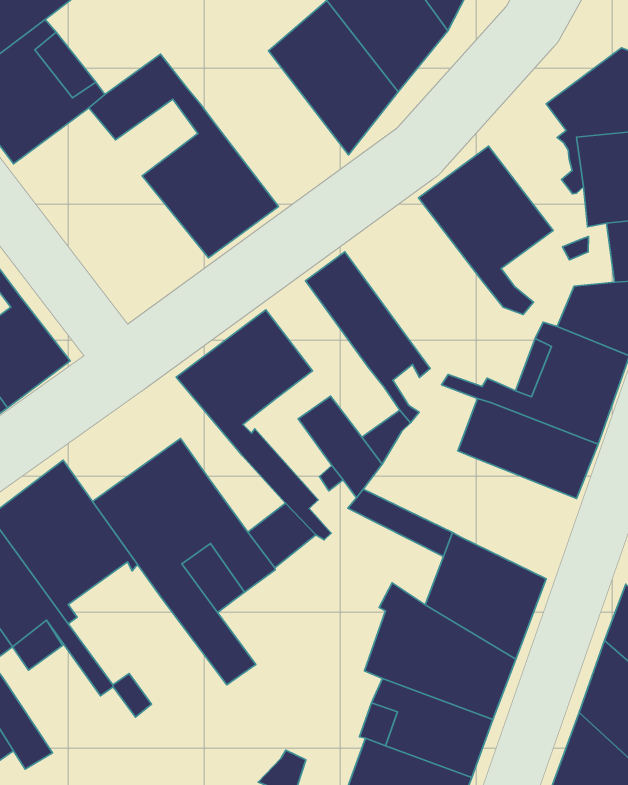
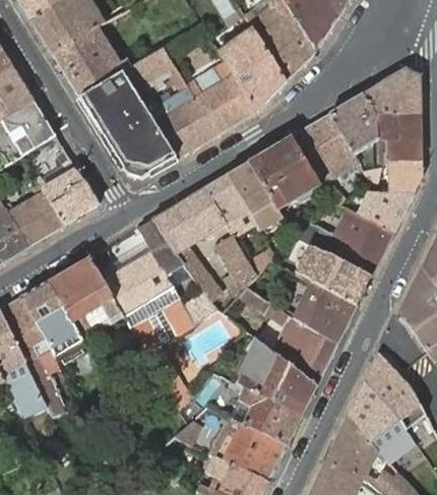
building: none -> [180,52,255,134]
building: none -> [329,95,372,153]
building: none -> [78,72,176,178]
building: none -> [248,137,319,210]
building: none -> [203,175,254,237]
building: none -> [137,219,183,274]
building: none -> [294,281,357,345]

